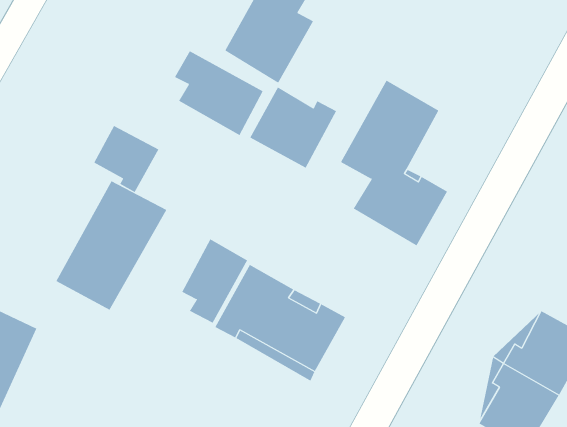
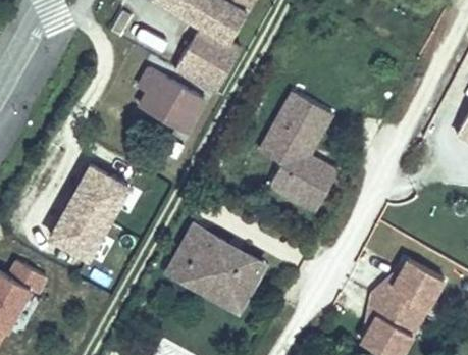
building: [249,87,337,169] -> none
building: [94,125,159,193] -> none
building: [181,238,248,324] -> none

